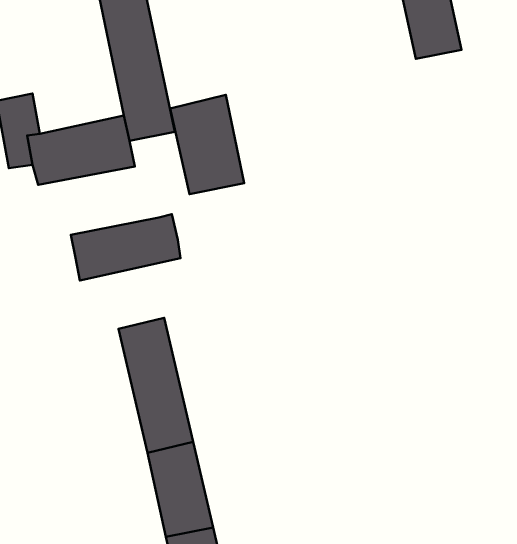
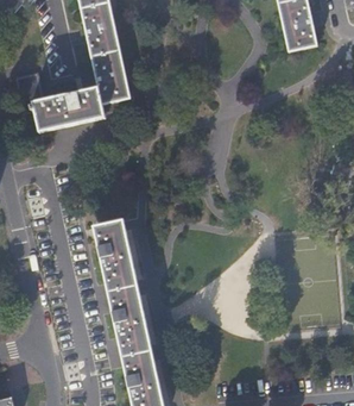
building: [170,95,244,194] -> none
building: [71,214,180,281] -> none

